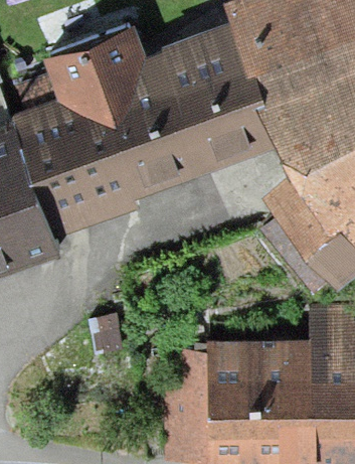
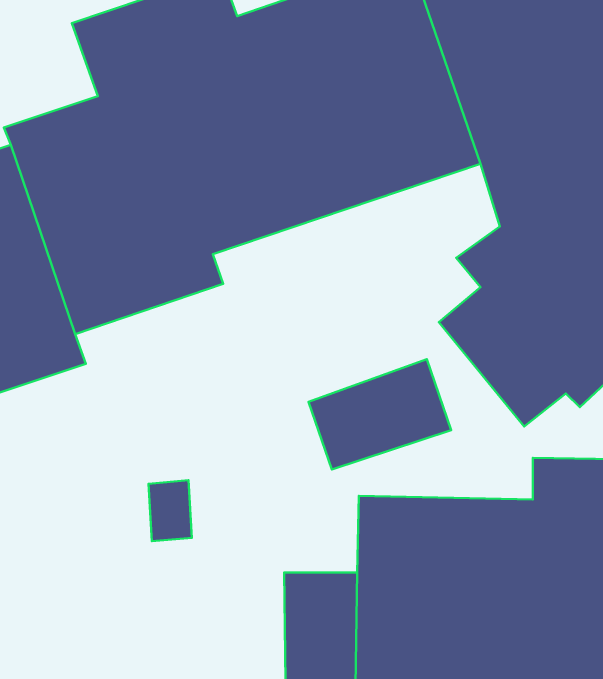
building: none -> [309,359,451,469]

